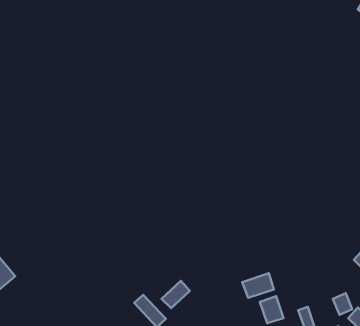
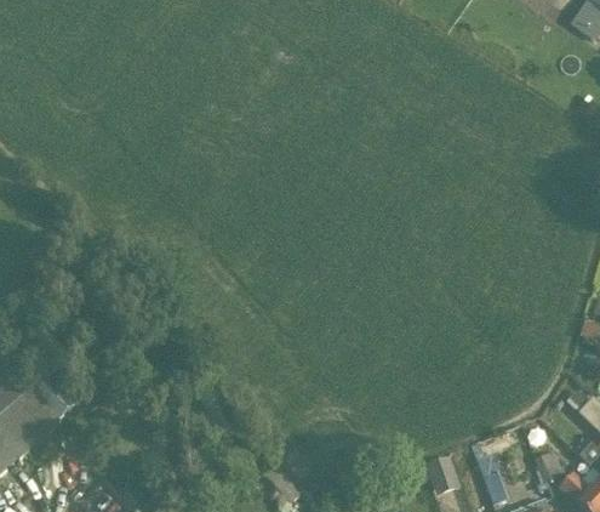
building: [242,273,274,298] -> none
building: [162,281,190,308] -> none

